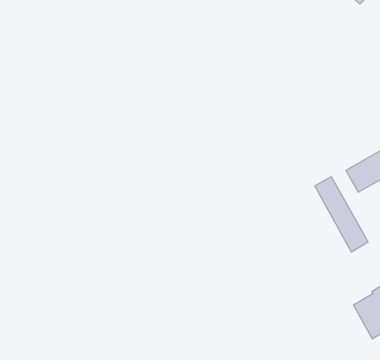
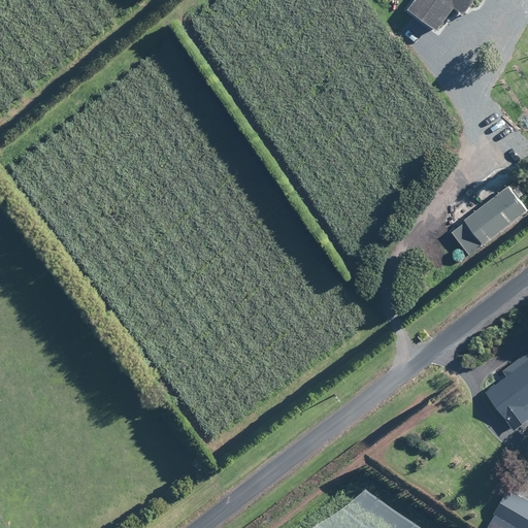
building: [315,177,368,252] -> none

